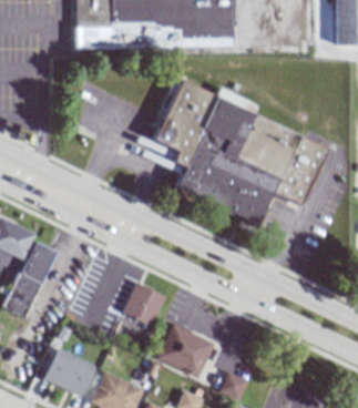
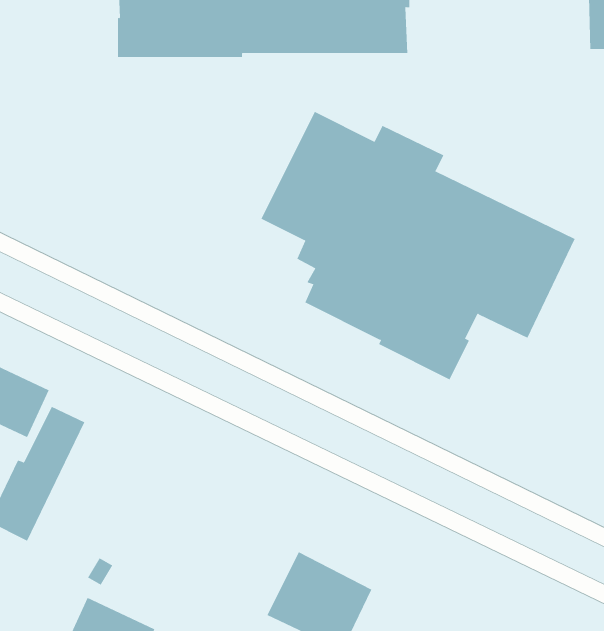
building: [123,283,166,327] -> none

